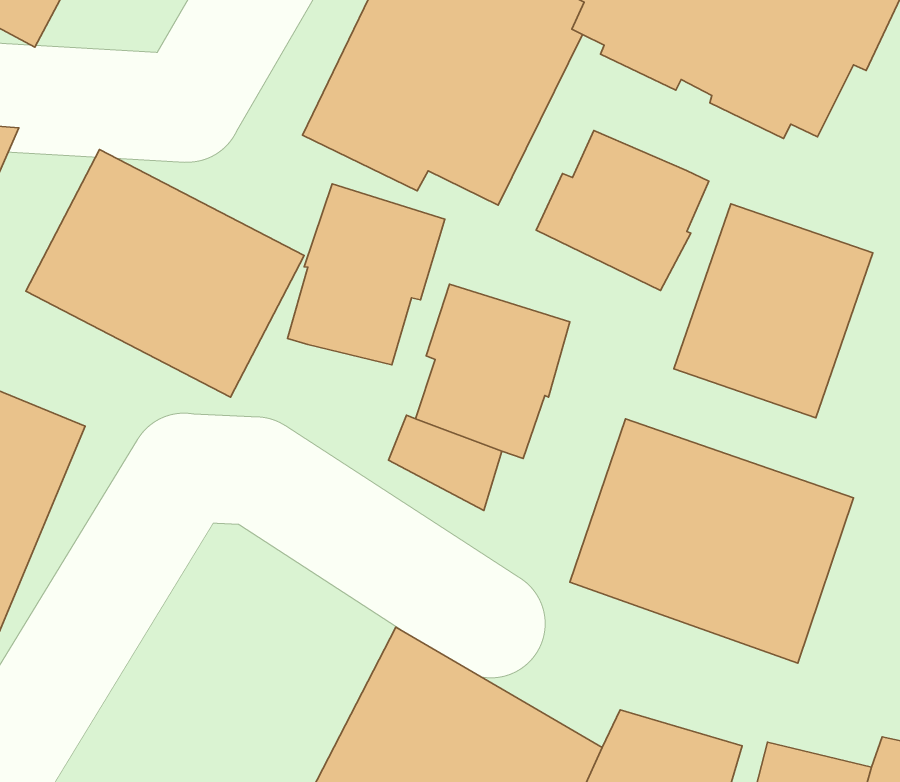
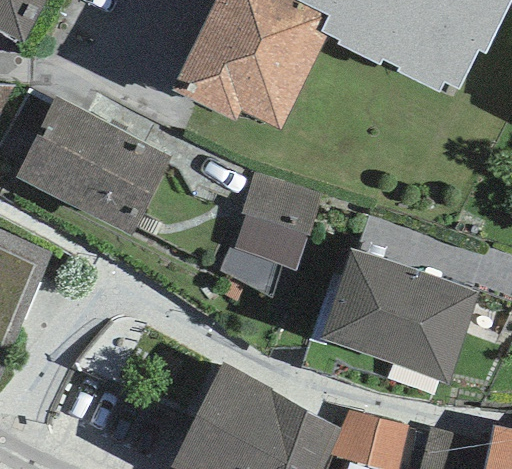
building: [536,130,709,291] -> none
building: [287,184,445,365] -> none
building: [674,204,873,418] -> none

